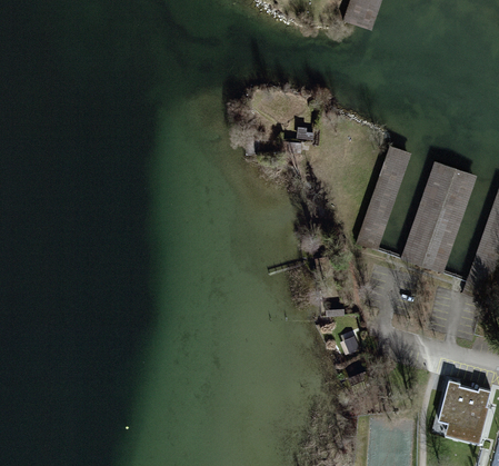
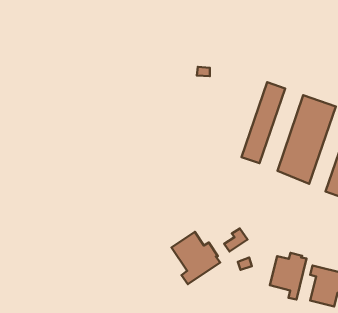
building: none -> [172,232,220,284]
building: none -> [270,253,306,300]

